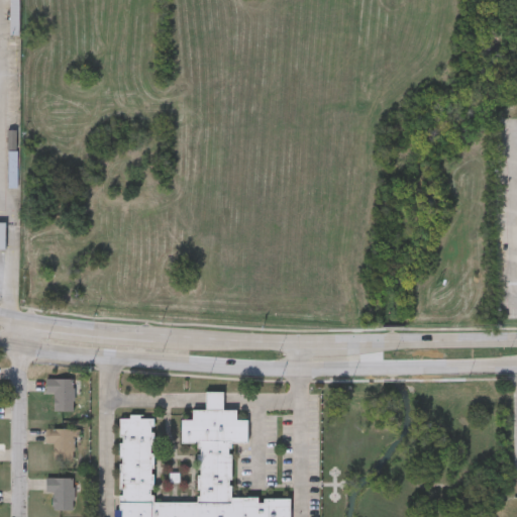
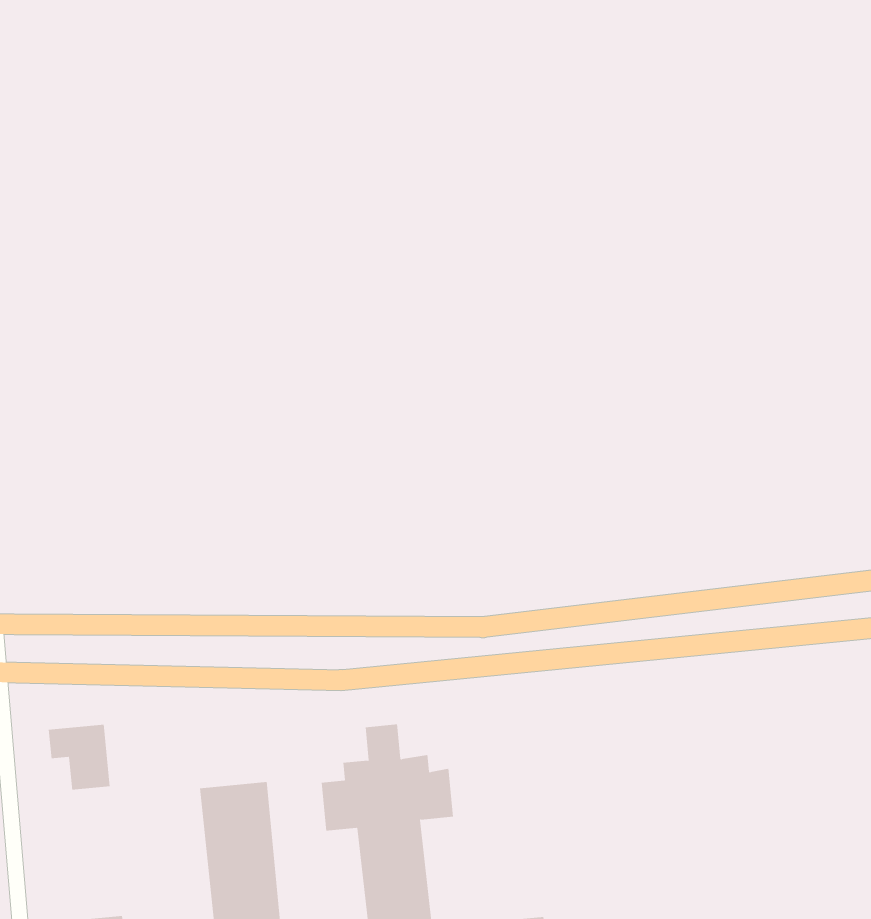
building: [46,429,75,461] -> none

